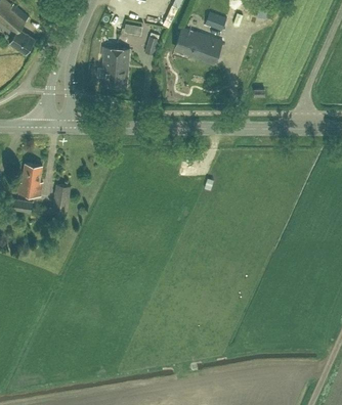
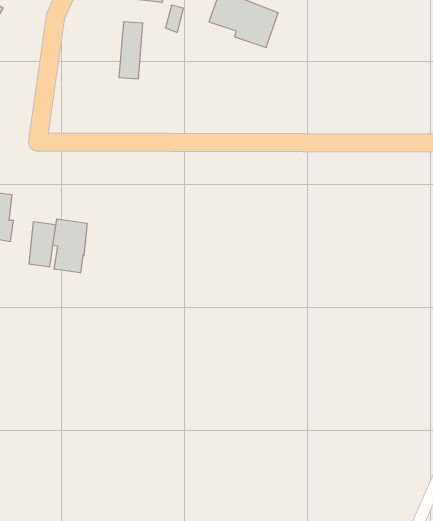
building: [98,47,117,86] -> none
building: none -> [53,219,87,273]

